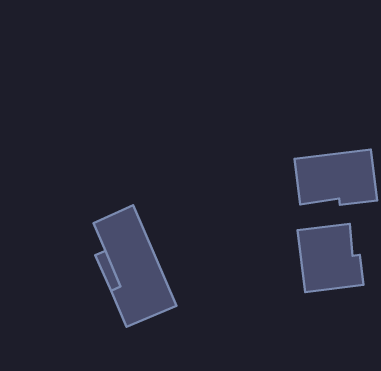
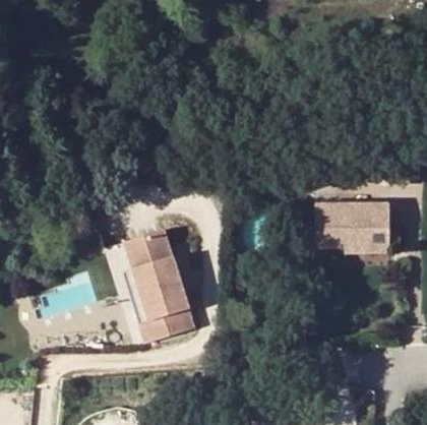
building: [298,224,364,292] -> none

